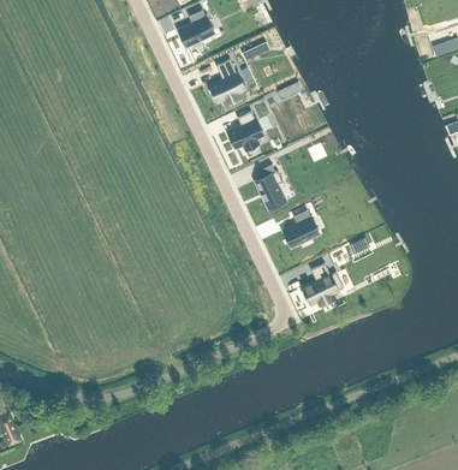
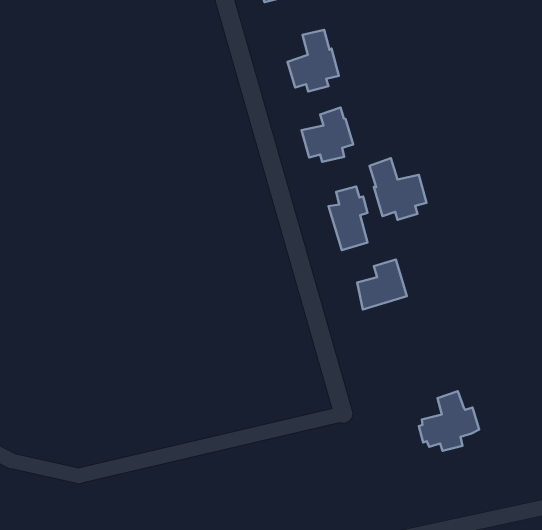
building: none -> [370,158,426,220]
building: [302,262,344,305] -> [419,391,479,451]

